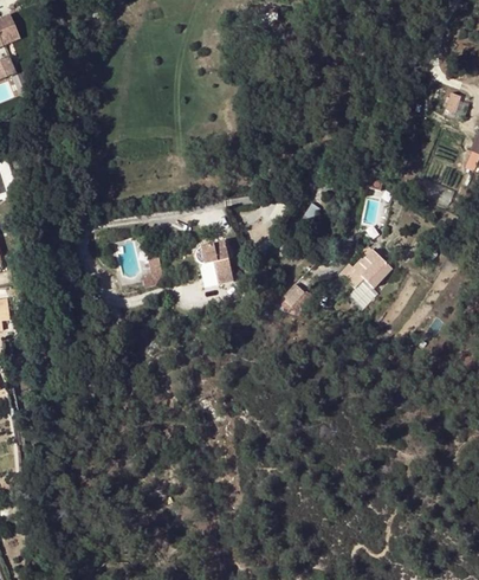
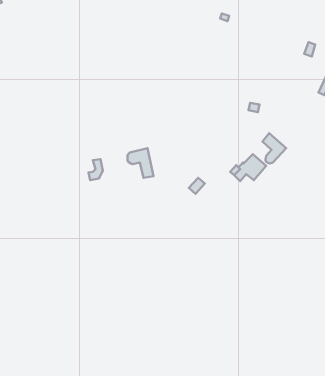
building: none -> [262,133,286,163]

